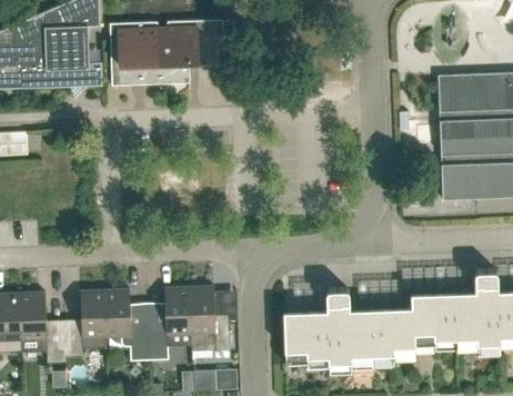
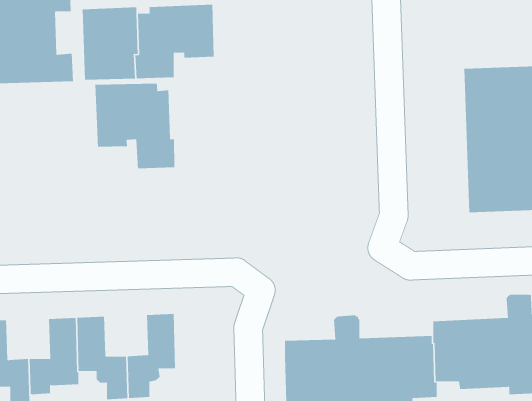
building: none -> [95,83,175,169]
building: [189,286,229,350] -> none

